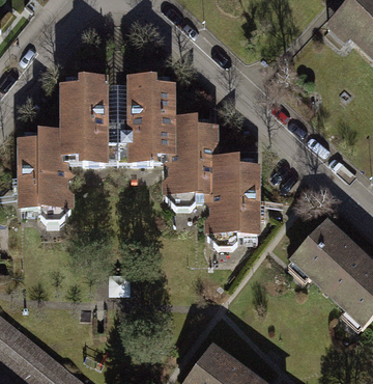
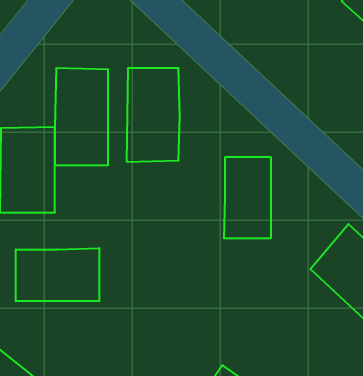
building: [173,121,216,194] -> none
building: none -> [16,248,99,301]

